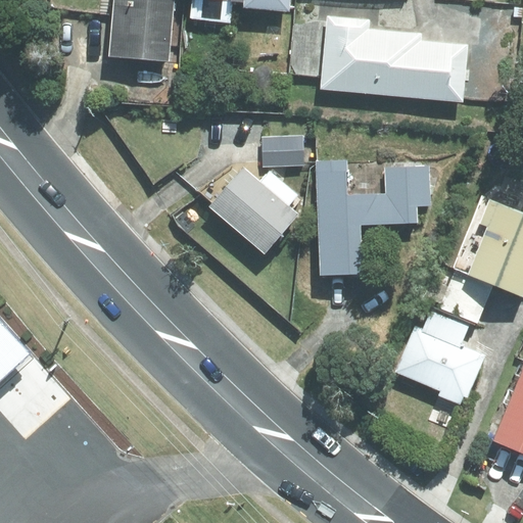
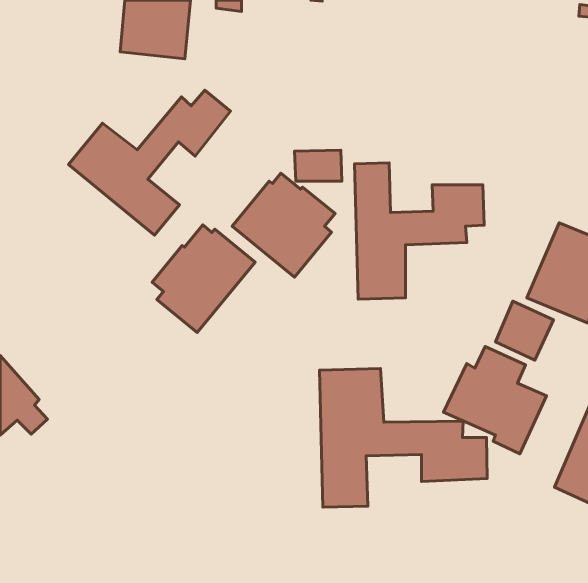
building: [288,18,467,102] -> none
building: none -> [69,90,231,235]
building: none -> [152,225,255,333]
building: none -> [319,368,487,507]

